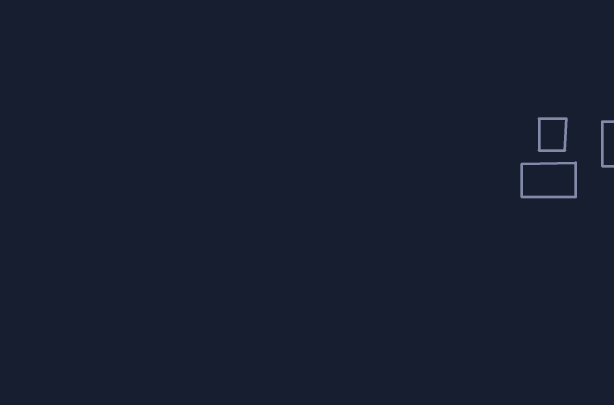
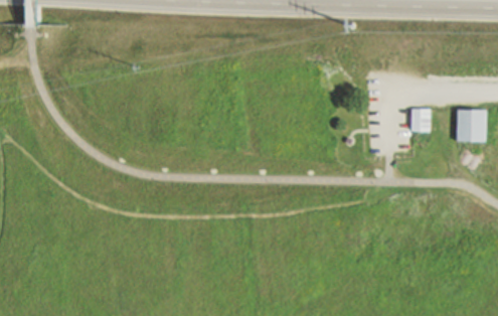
building: [522,163,576,197] -> none

